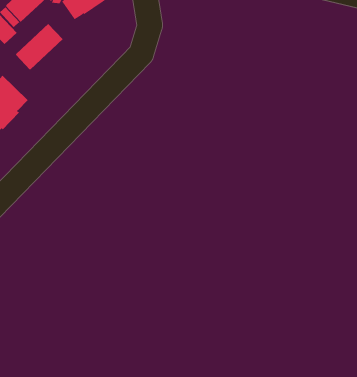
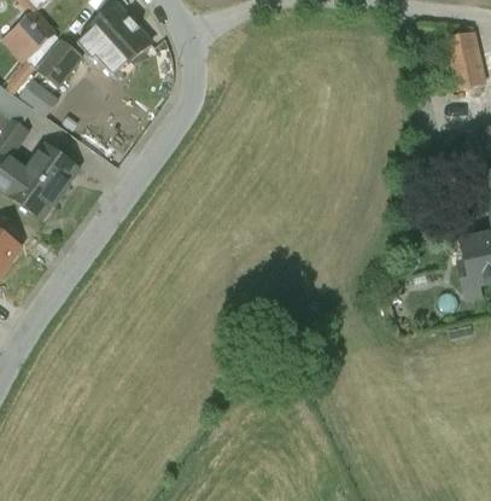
building: [15,23,63,70] -> none

